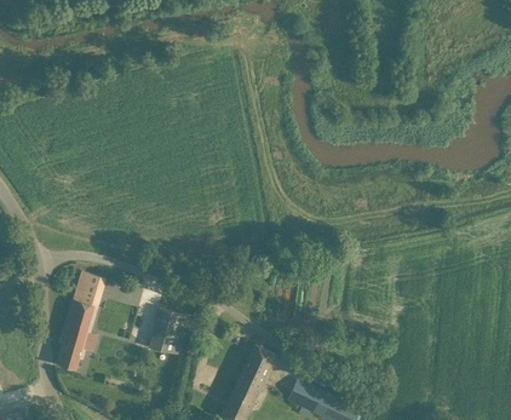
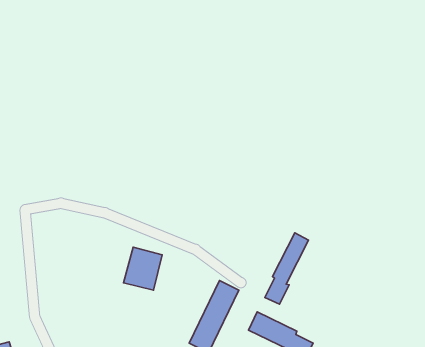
building: [58,271,105,369] -> none
building: none -> [265,233,309,304]

